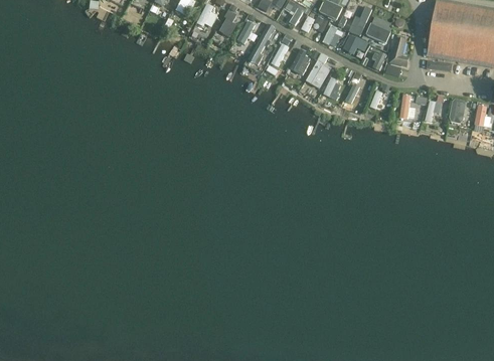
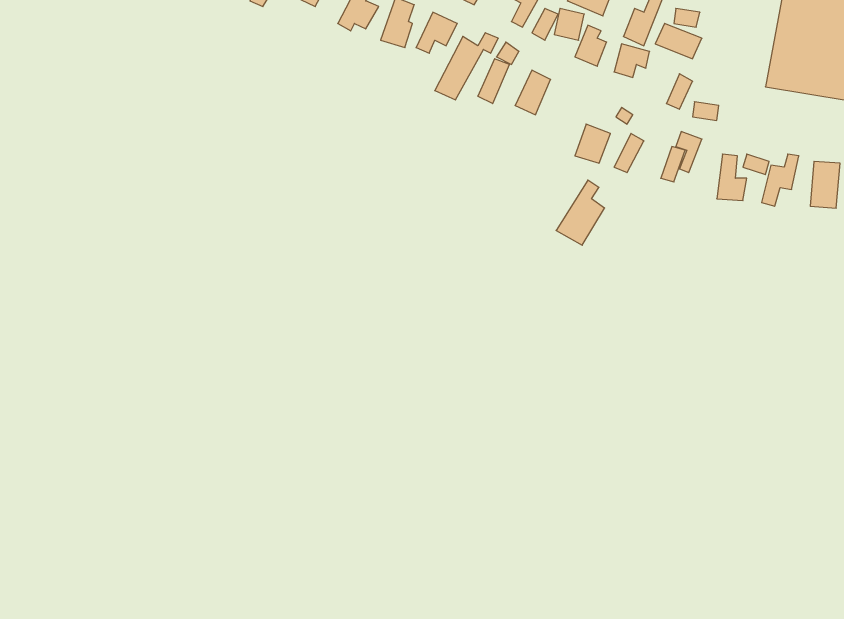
building: [388,36,410,67] -> none
building: [305,52,331,87] -> [556,180,605,245]

